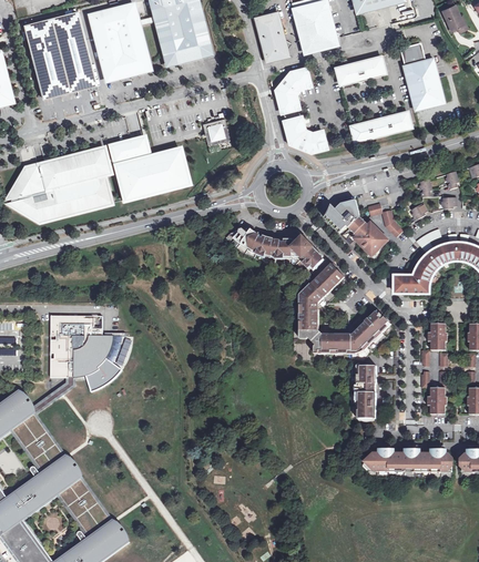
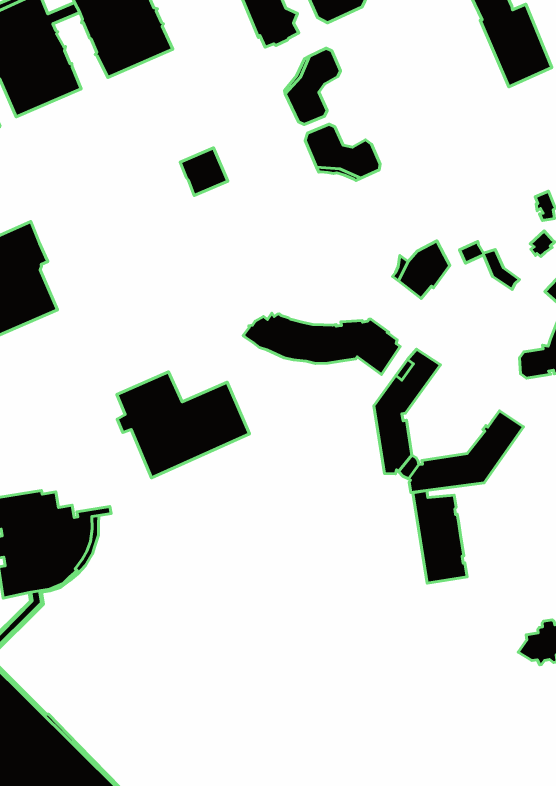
building: [335,57,386,85] -> none
building: [350,111,411,142] -> none
building: [108,136,188,201] -> [117,372,250,478]
building: [348,215,387,254] -> none
building: [86,359,122,391] -> none
building: [350,360,376,418] -> [413,491,467,583]

